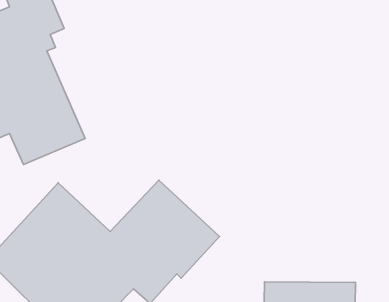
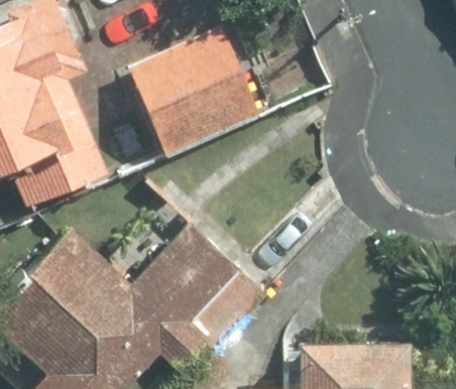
building: none -> [129,30,257,156]

